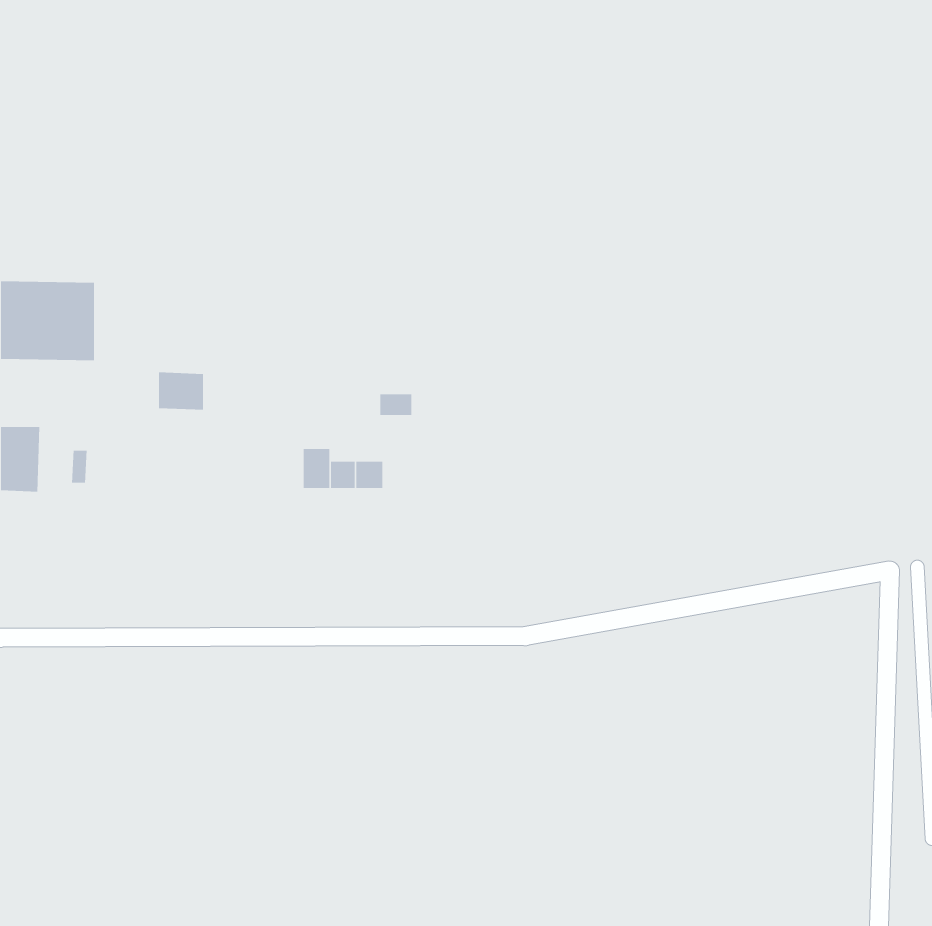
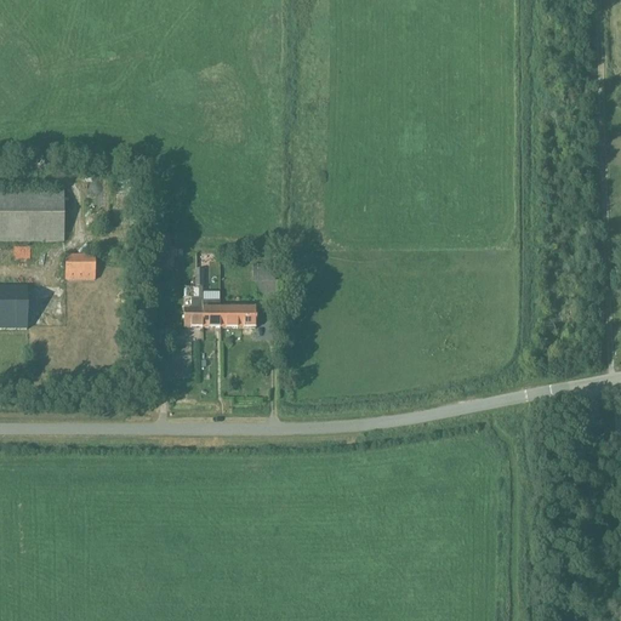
building: [158,372,204,410] -> [64,252,95,278]
building: none -> [183,286,201,325]

